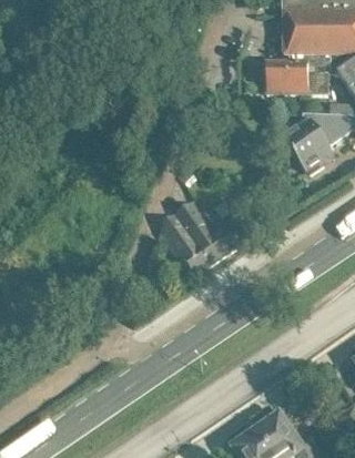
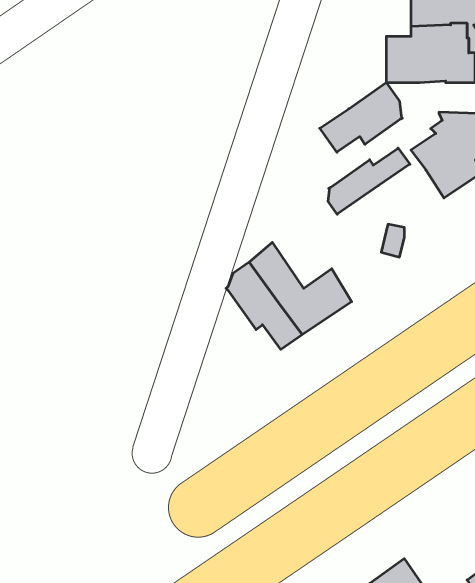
building: none -> [320,83,402,152]
building: none -> [328,148,410,214]

